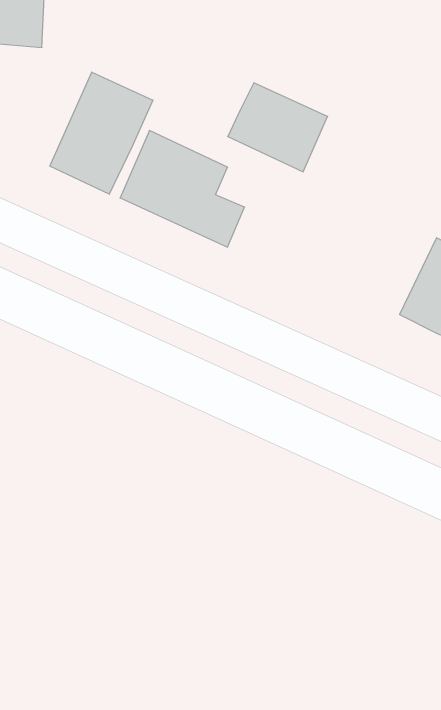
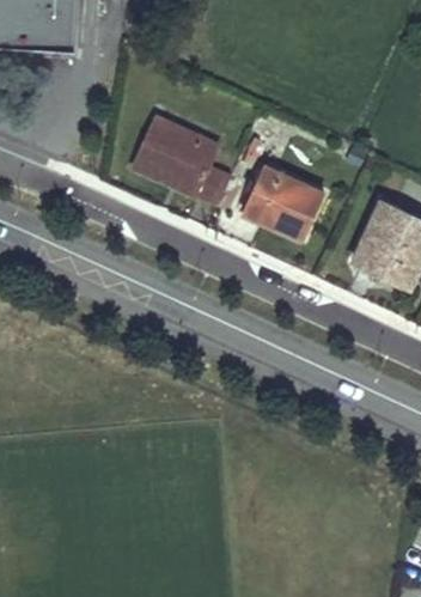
building: [50,72,153,194] -> none
building: [228,83,328,172] -> [243,166,321,236]

